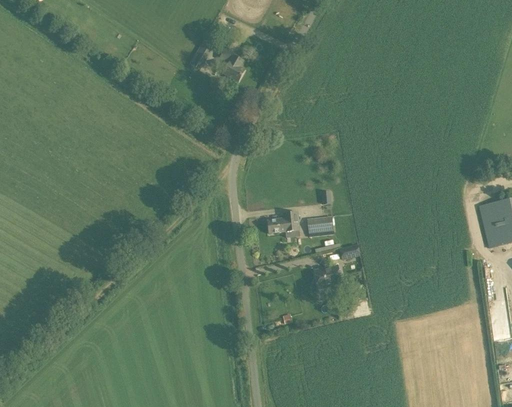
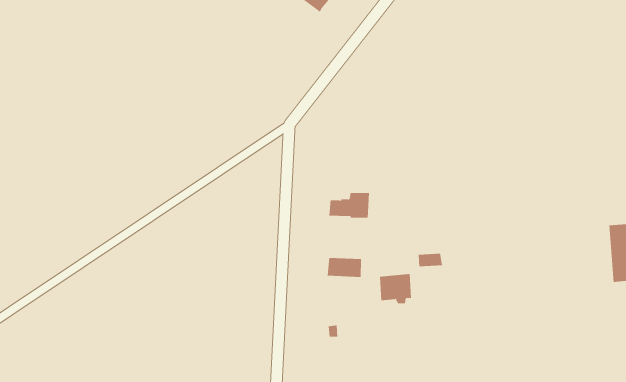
building: [307,216,334,233] -> [327,257,362,278]

